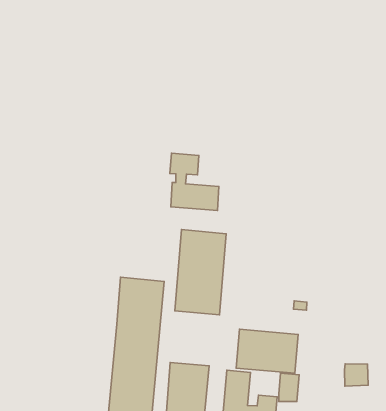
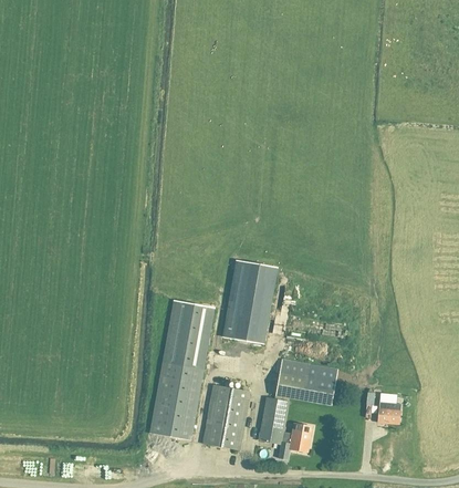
building: [170,153,219,210] -> none
building: [279,373,299,402] -> none

